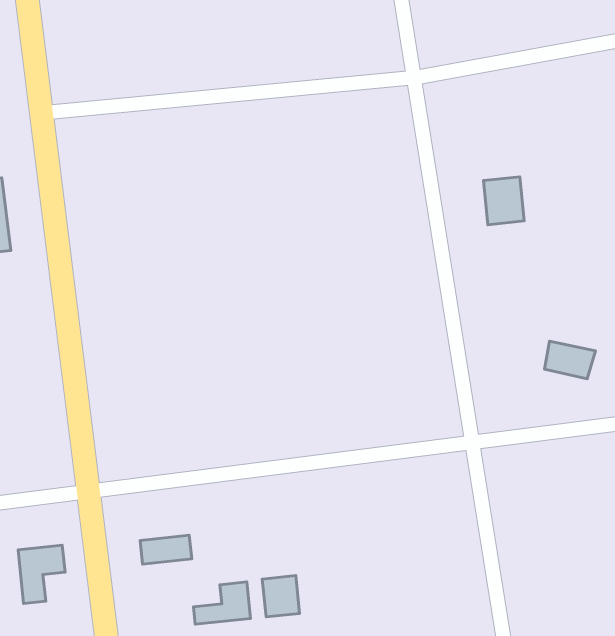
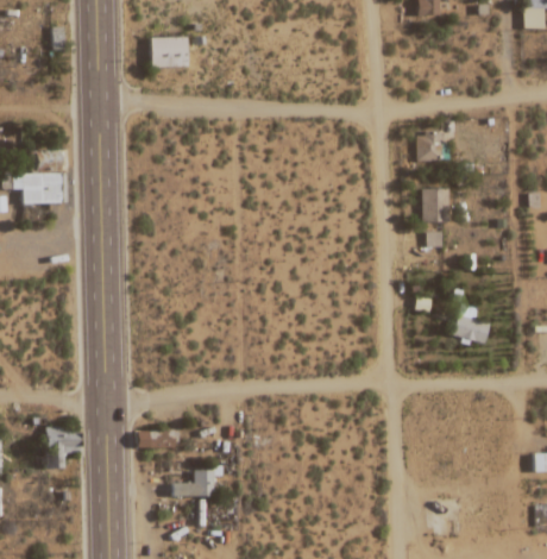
building: none -> [152,37,188,68]
building: none -> [417,131,444,161]
building: [262,576,300,617] -> none

